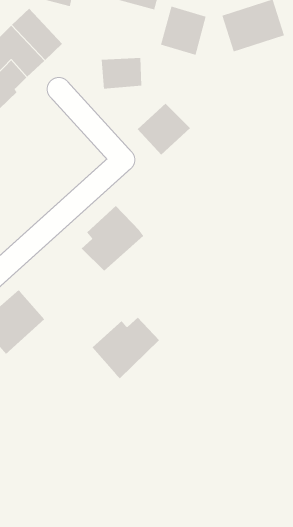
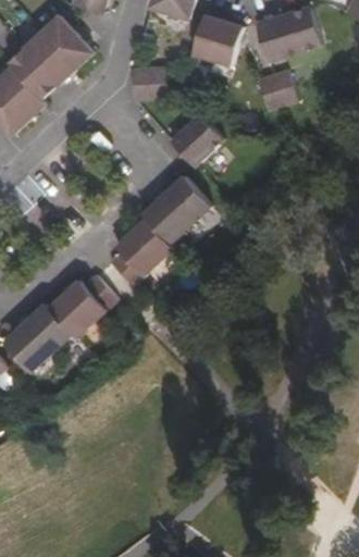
building: none -> [256,65,296,106]
building: none -> [141,174,212,243]
building: [91,317,160,379] -> [48,274,119,338]

